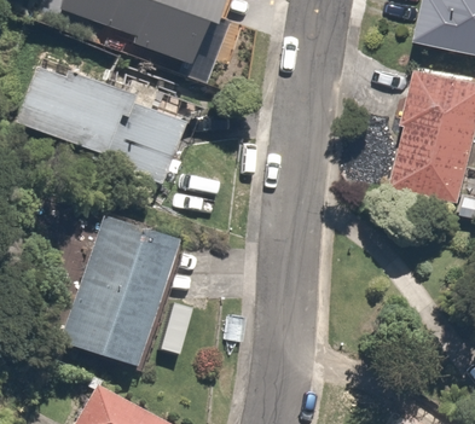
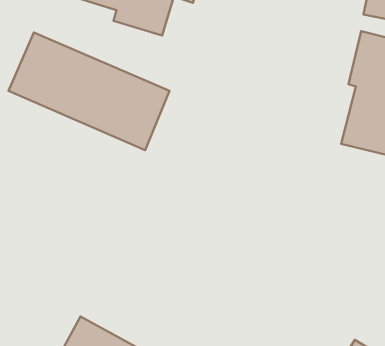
building: [58,216,187,374] -> none

